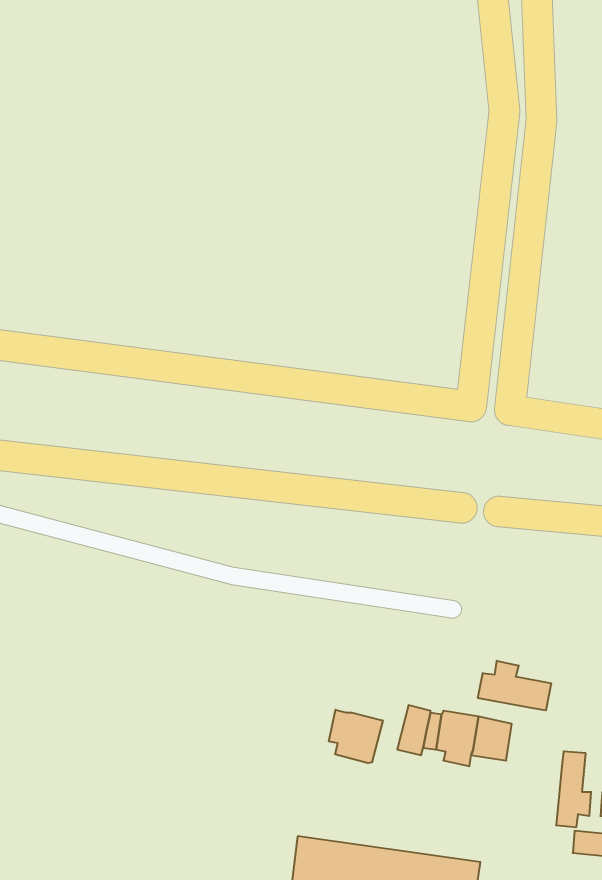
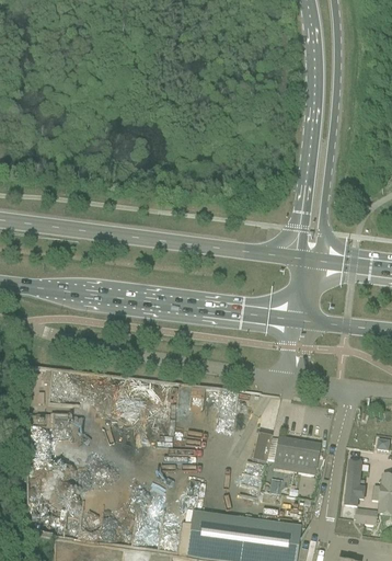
building: [478,661,551,710] -> none
building: [329,710,383,763] -> none

